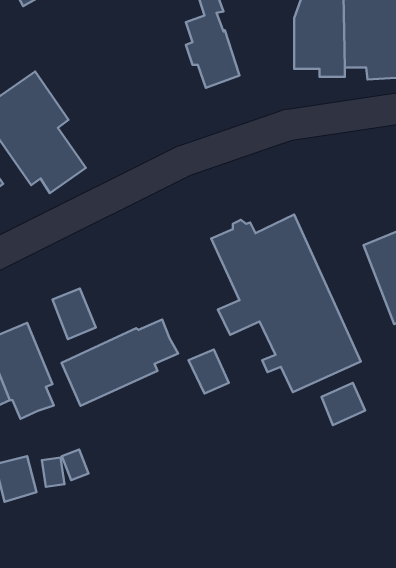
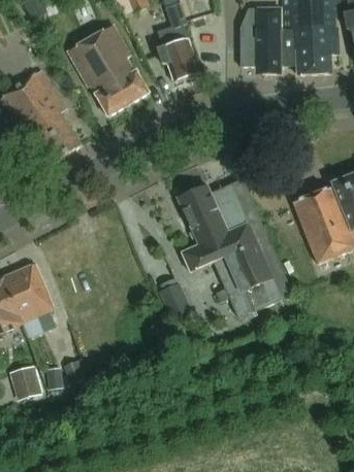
building: none -> [68,24,150,115]
building: [52,289,96,339] -> none
building: [62,320,178,406] -> none
building: [321,383,365,425] -> none

